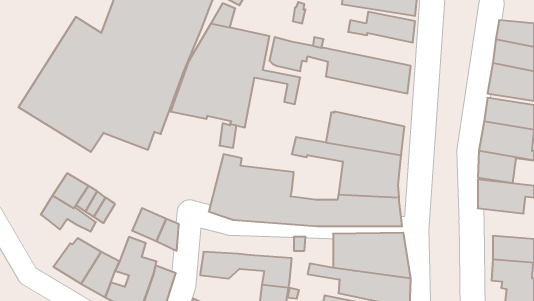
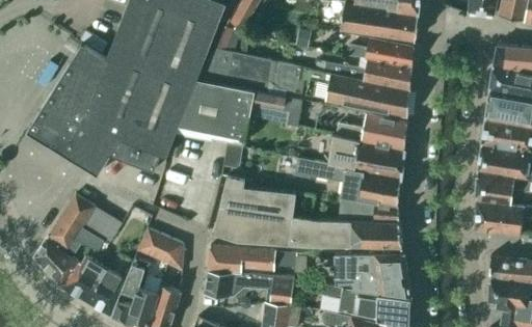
building: none -> [325,58,413,90]
building: none -> [336,114,407,149]
building: none -> [34,237,83,287]
building: none -> [208,247,290,274]

